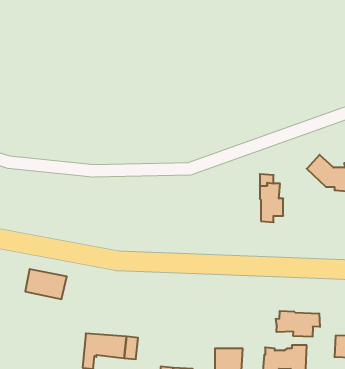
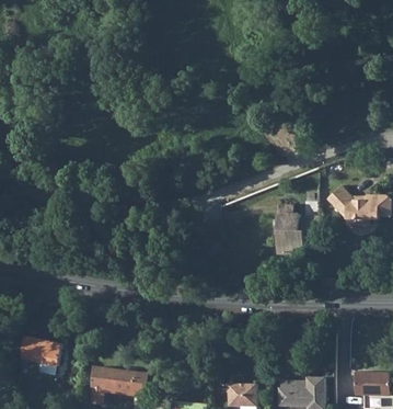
building: [25,269,67,299] -> [21,336,63,366]
building: [276,311,320,337] -> none

